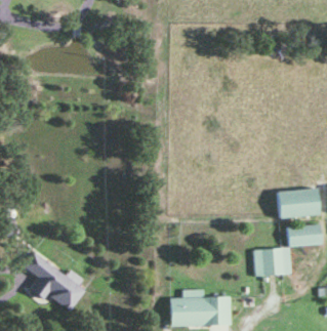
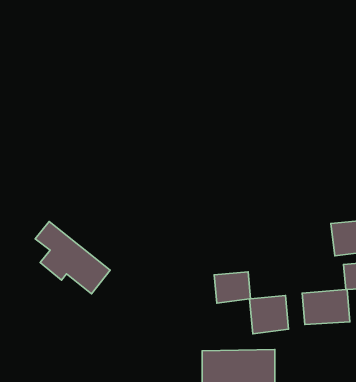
building: none -> [214,272,289,334]
building: [23,251,84,311] -> [35,221,110,294]

